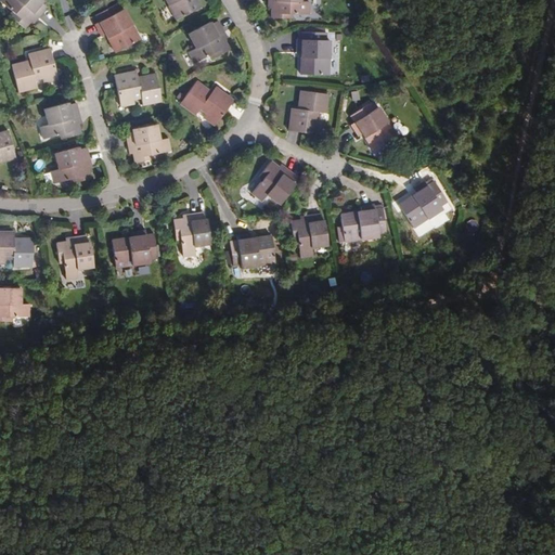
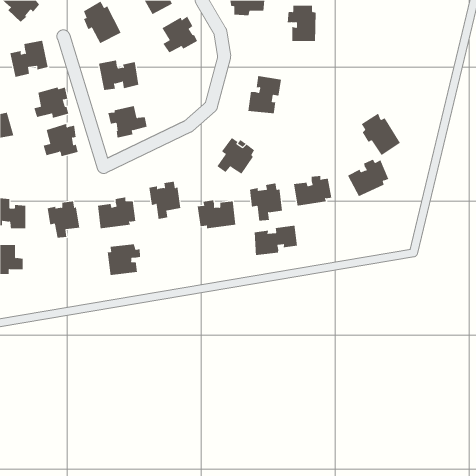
building: [294,31,328,74] -> [287,5,317,41]
building: [181,81,234,127] -> none
building: [350,101,397,151] -> [361,113,401,156]
building: none -> [254,225,297,256]
building: none -> [107,243,141,276]

